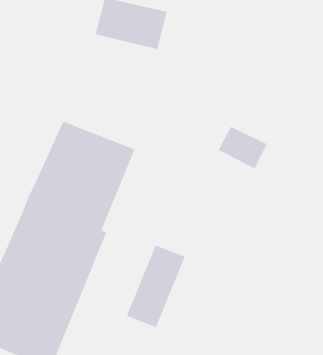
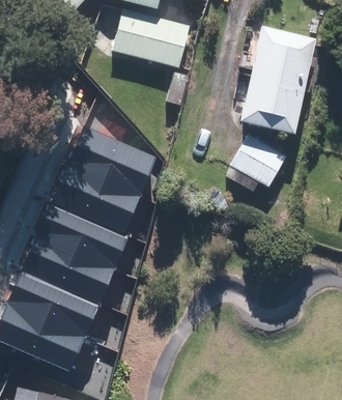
building: none -> [241,26,313,130]
building: [126,244,186,328] -> none

